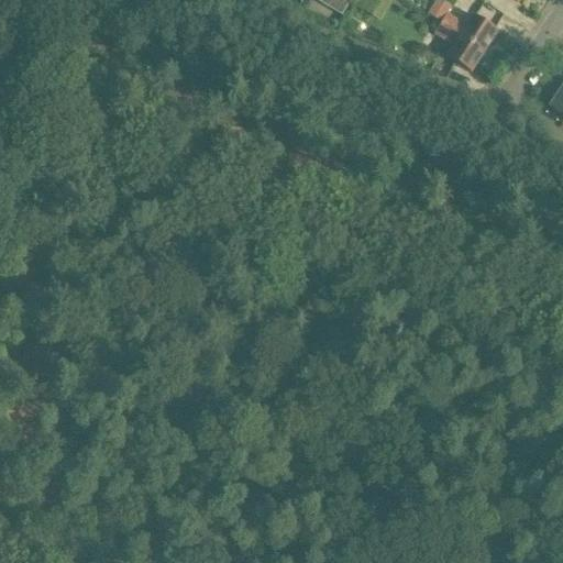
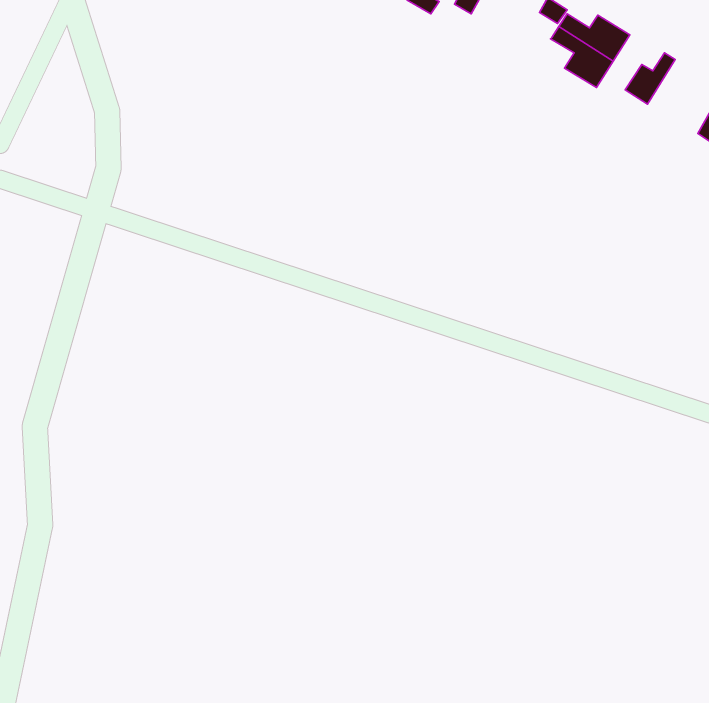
building: none -> [625,53,675,104]

